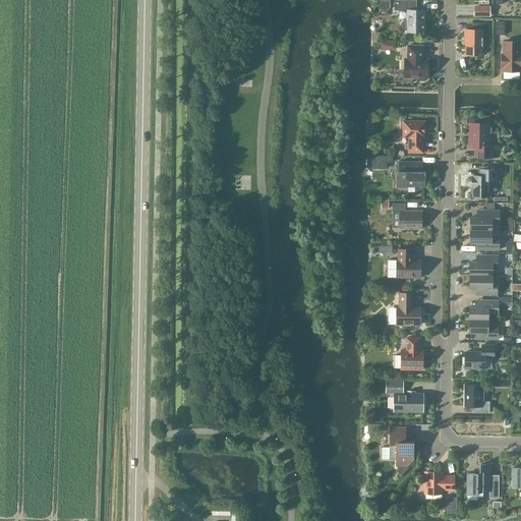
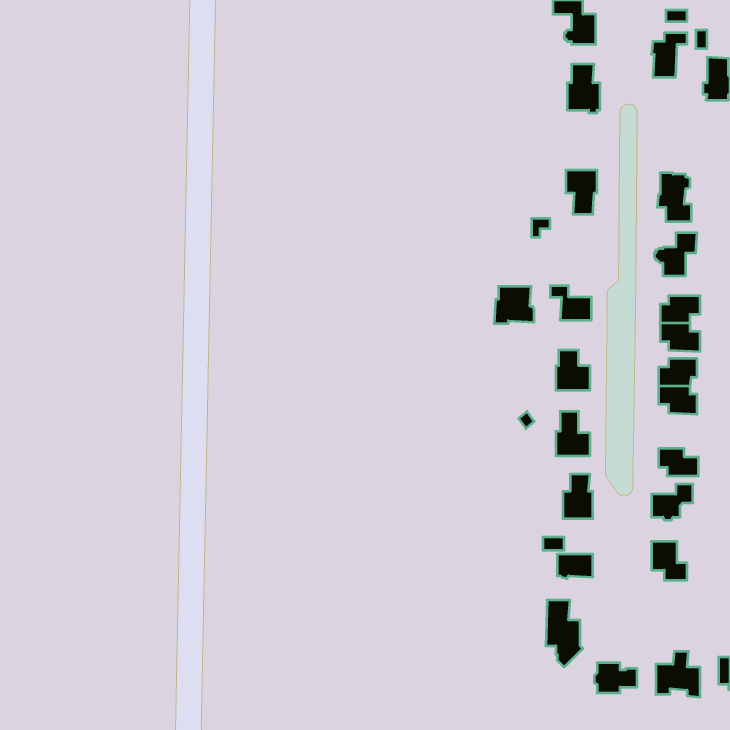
building: [396,162,424,188] -> [494,286,534,324]
building: [469,300,498,320] -> none

